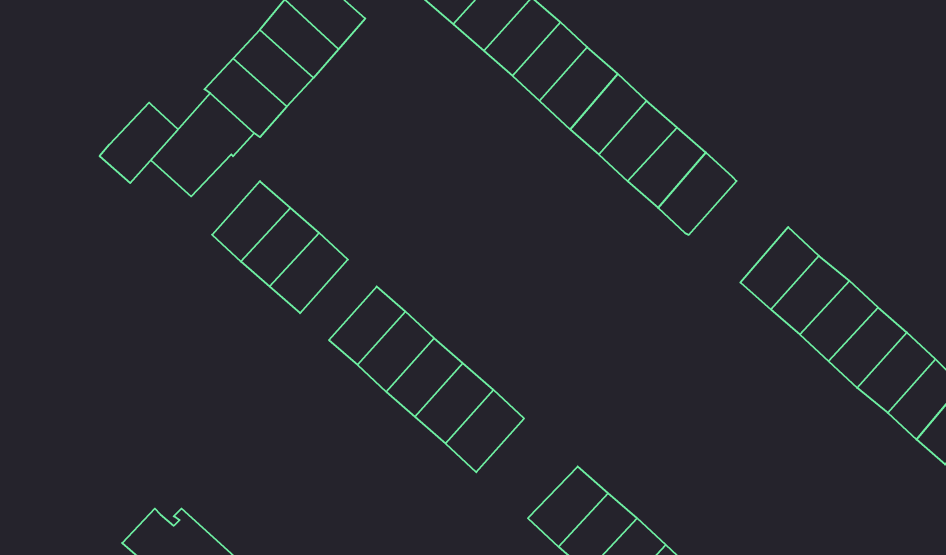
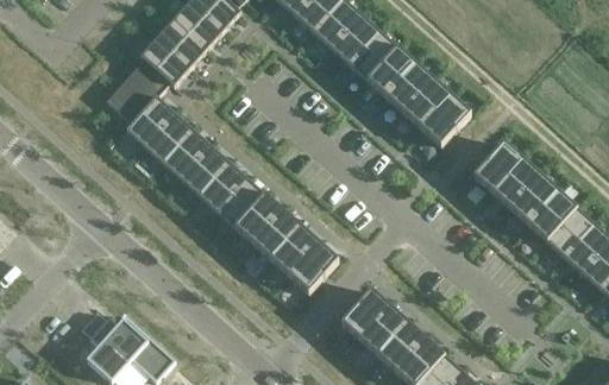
building: [100,103,178,183] -> [126,96,175,146]
building: none -> [200,162,247,212]

